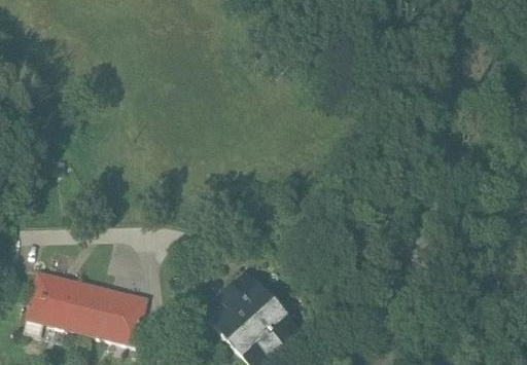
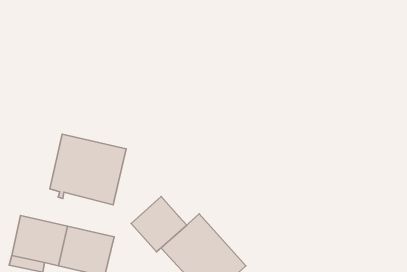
building: none -> [50,134,126,205]
building: none -> [131,197,187,252]

